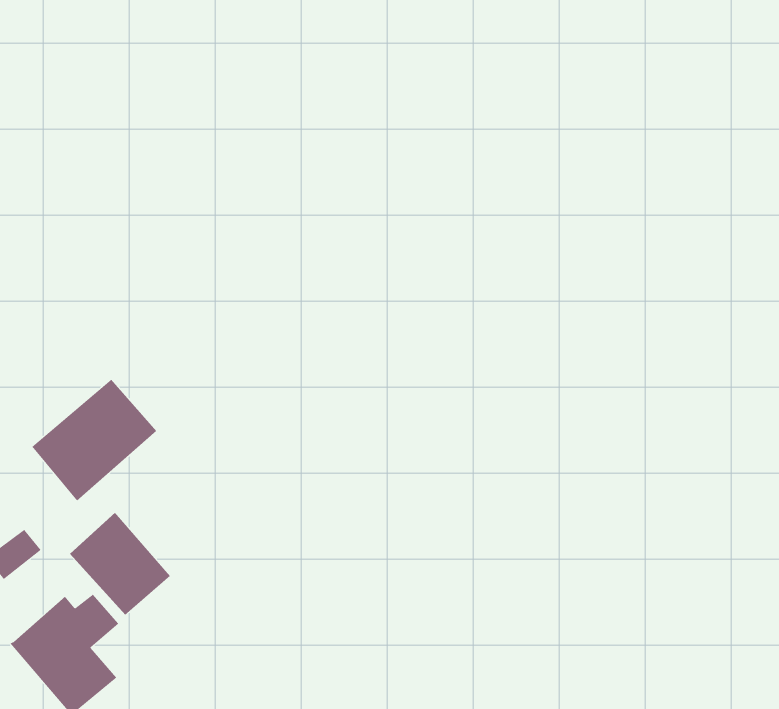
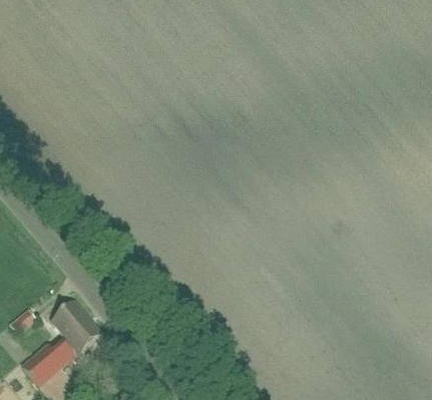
building: [31,379,157,501] -> none

